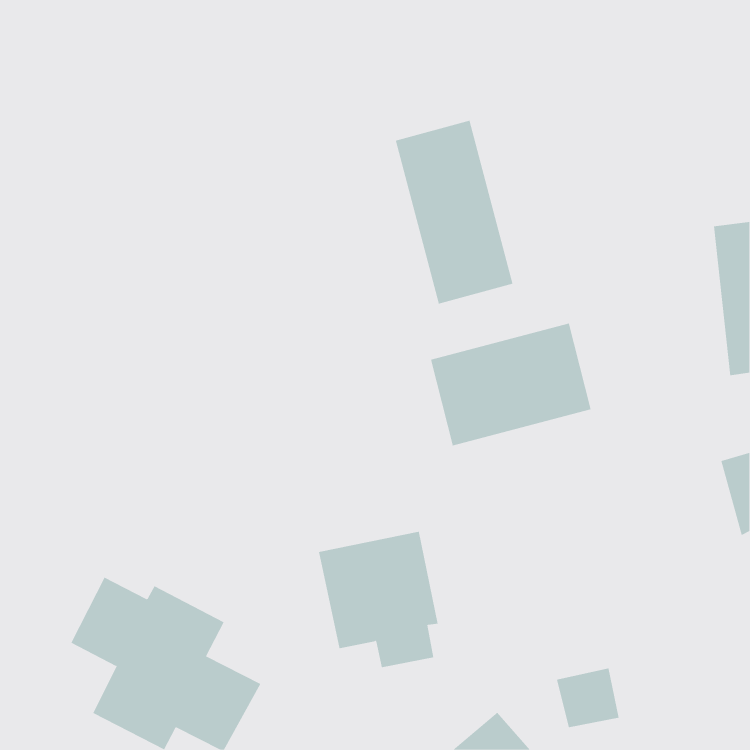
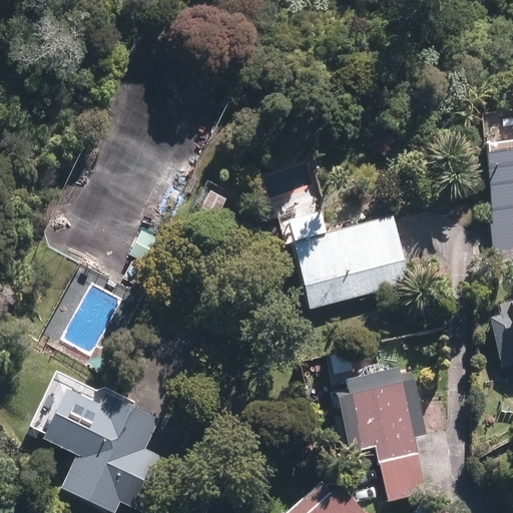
building: [395,120,513,305] -> none
building: [318,531,439,668] -> [337,366,419,459]

